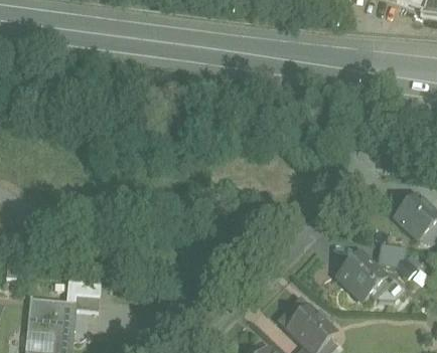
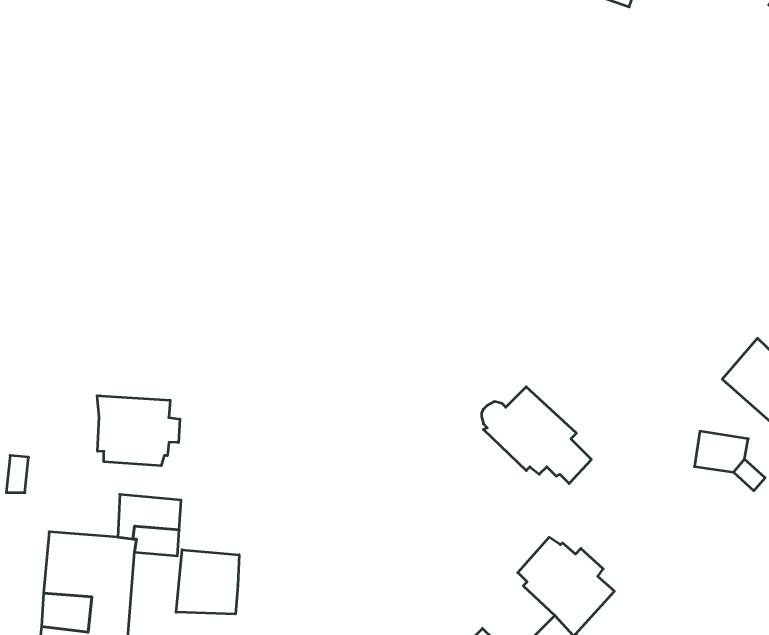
building: none -> [97,396,180,466]
building: [338,250,398,303] -> [482,387,591,484]
building: none -> [176,550,239,614]

